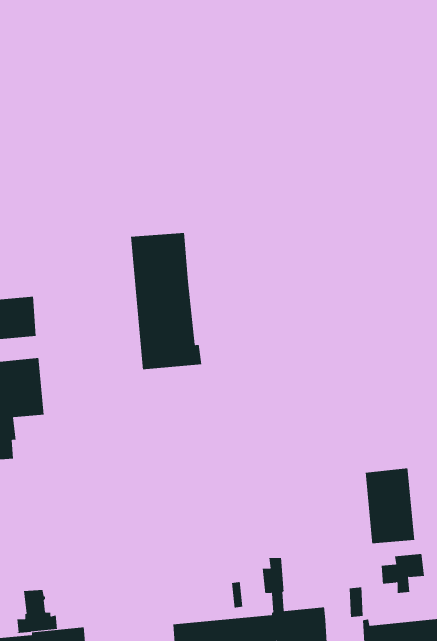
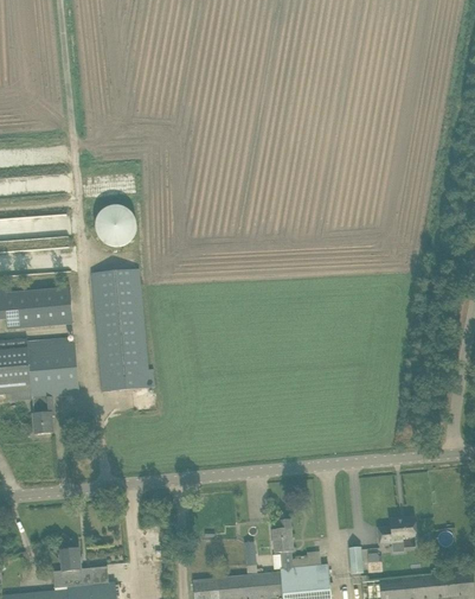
building: none -> [96,200,143,249]
building: [130,233,202,370] -> [91,269,155,391]
building: [365,467,415,544] -> none

